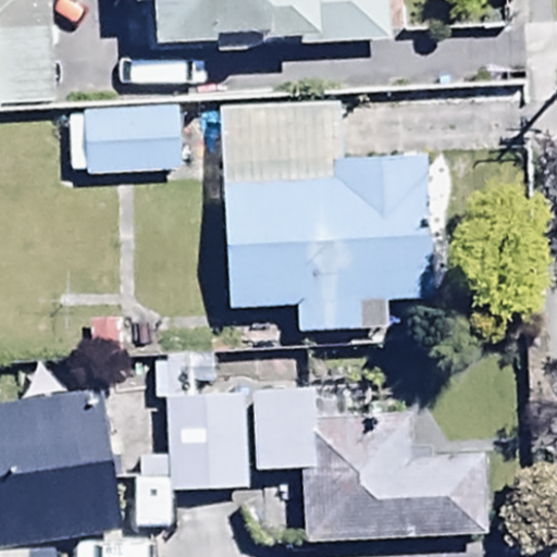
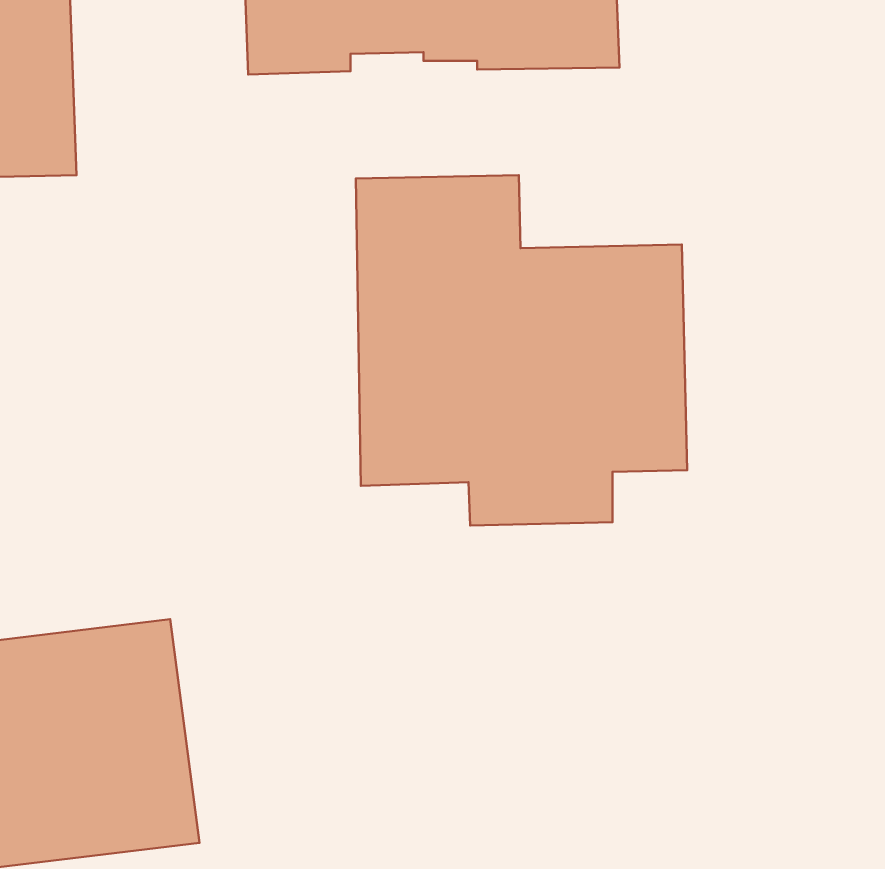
building: [66,106,177,175] -> none
building: [253,388,486,539] -> none
building: [163,391,244,487] -> none

